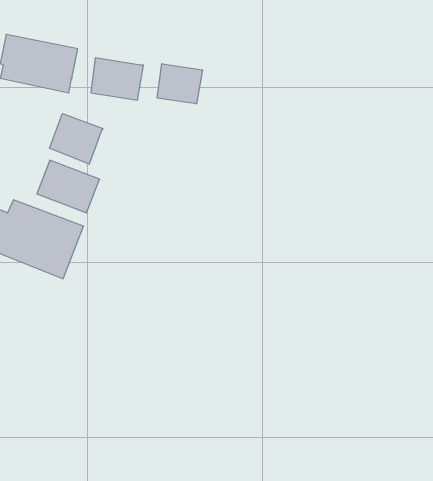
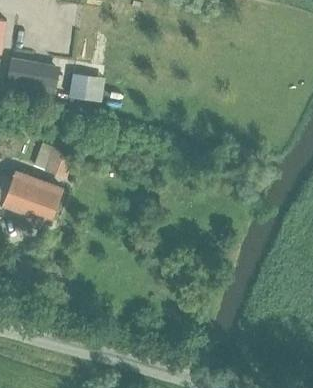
building: [157,64,202,104] -> none
building: [50,114,103,164] -> none

